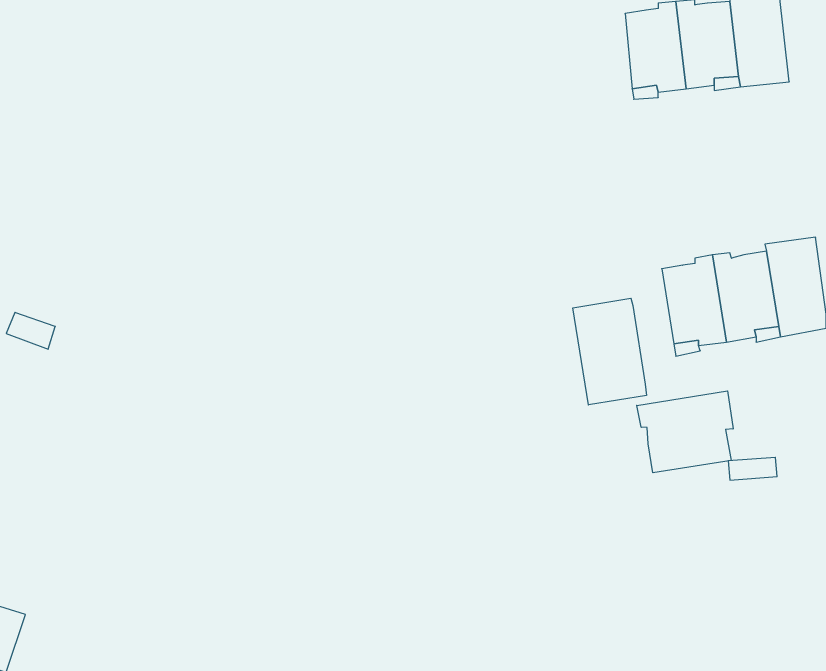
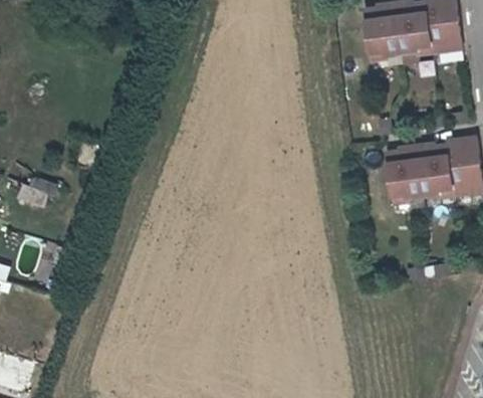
building: [573,298,646,405] -> none
building: [637,391,733,473] -> none

